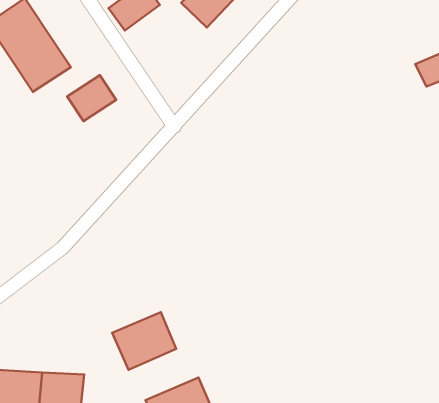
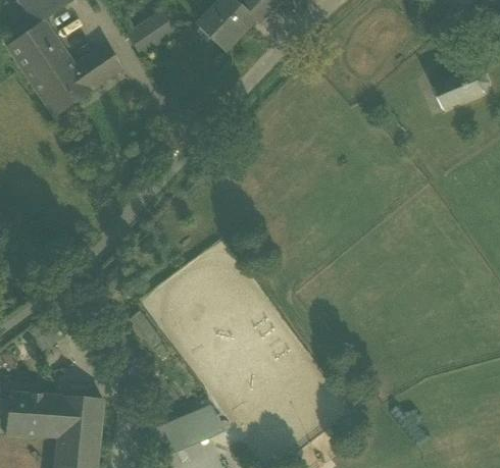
building: [67,75,116,121] -> [73,44,122,90]
building: [112,312,176,370] -> none

